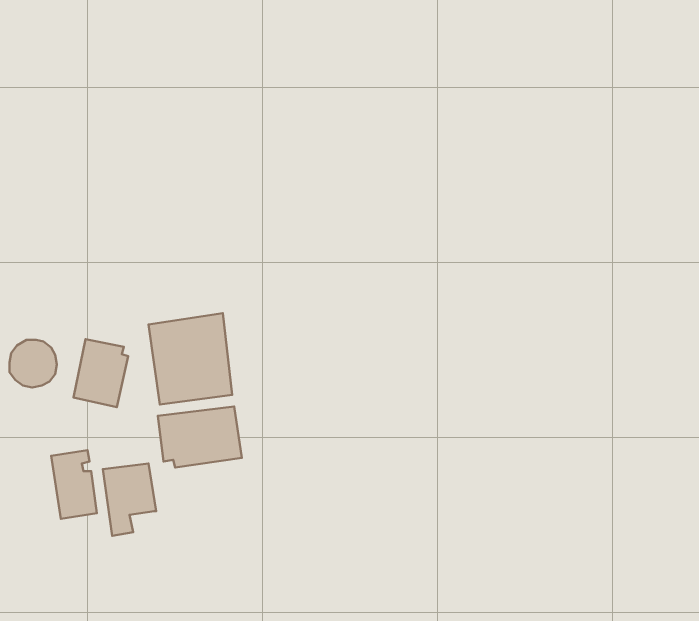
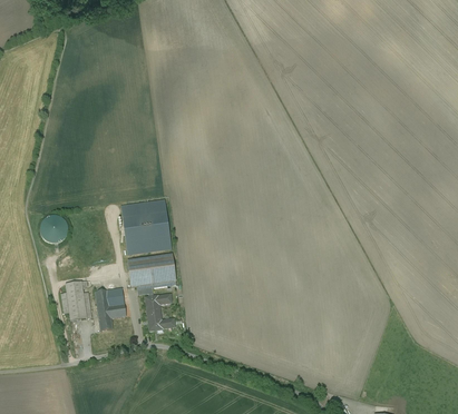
building: [74,339,128,407] -> none
building: none -> [145,295,175,331]

